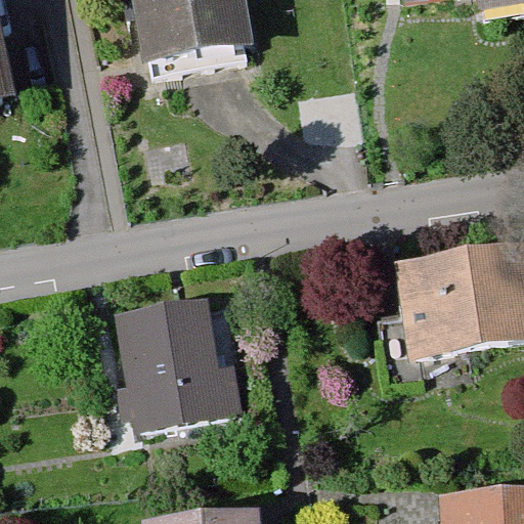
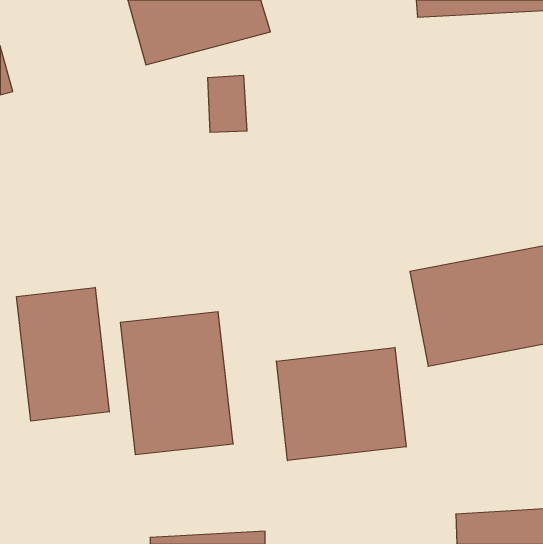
building: none -> [17,287,109,421]
building: none -> [276,347,406,461]

